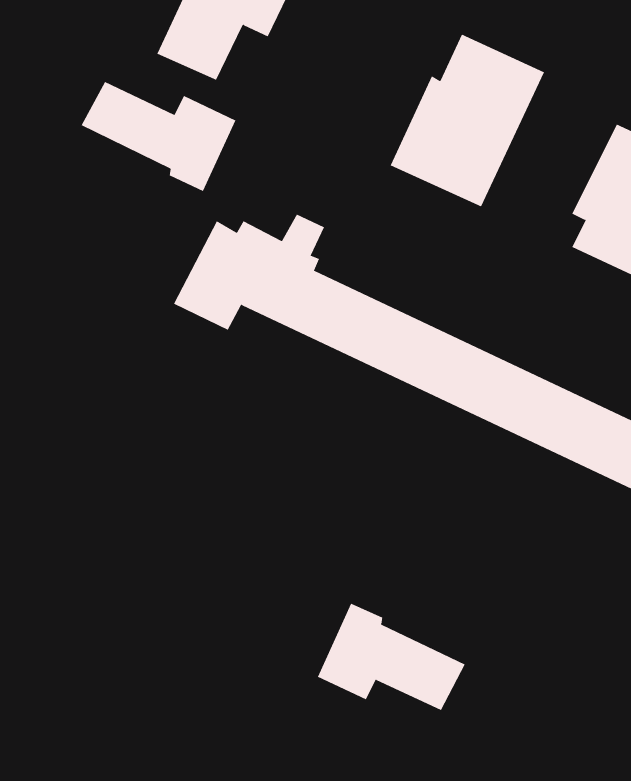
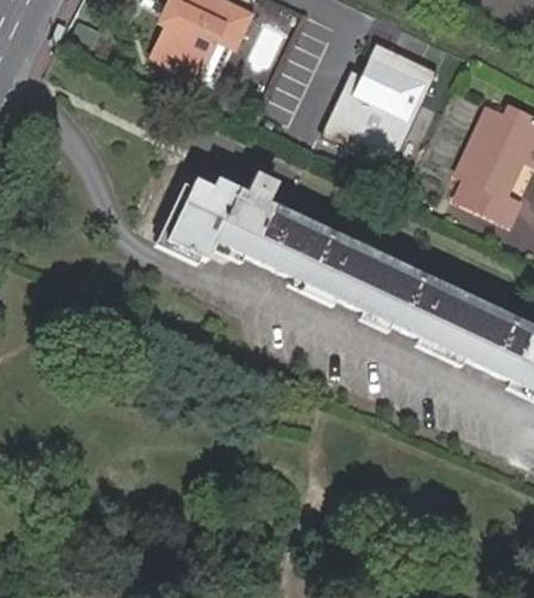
building: [81,81,236,192] -> none
building: [317,603,465,711] -> none

